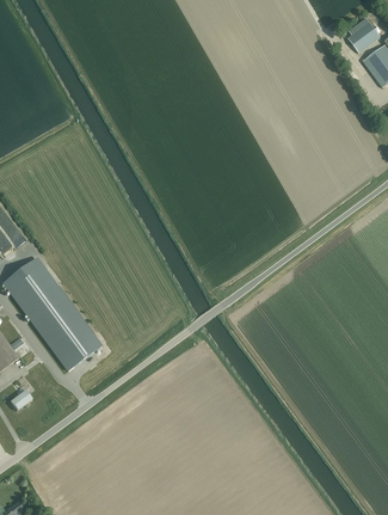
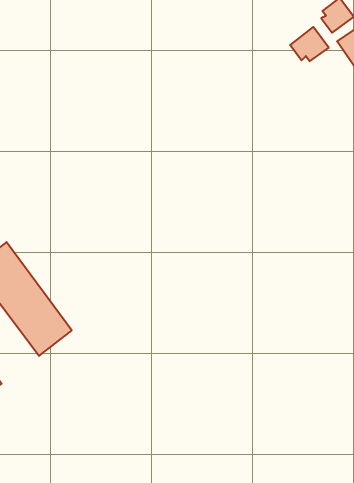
building: none -> [290,27,329,61]

